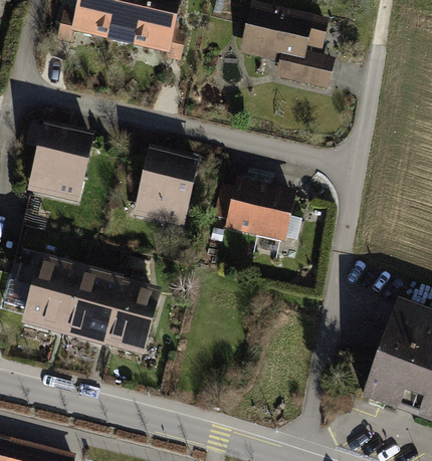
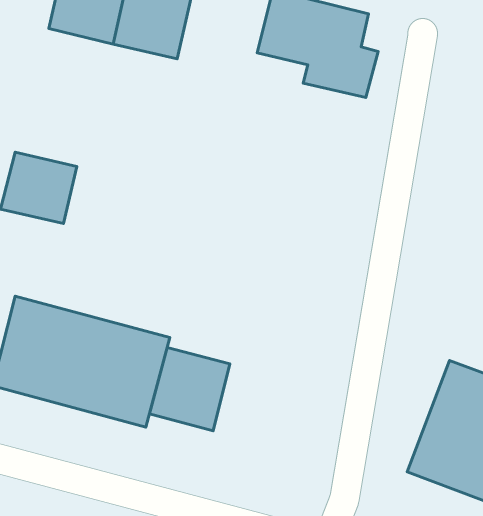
building: [129,156,195,216] -> none
building: [219,174,293,238] -> none
building: none -> [150,347,230,431]

